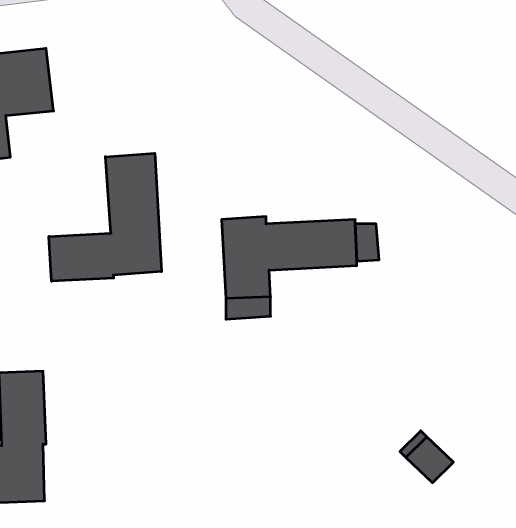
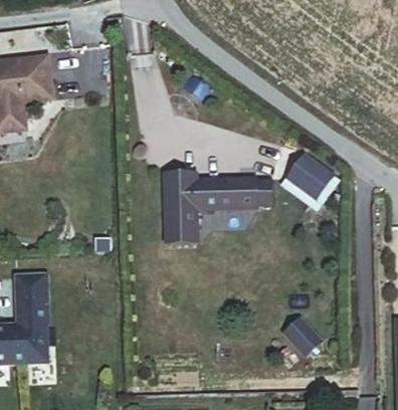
building: [49,153,161,281] -> none
building: none -> [284,154,331,199]

